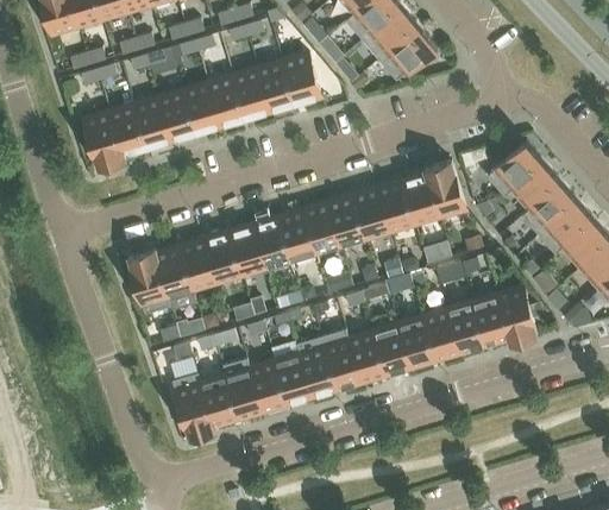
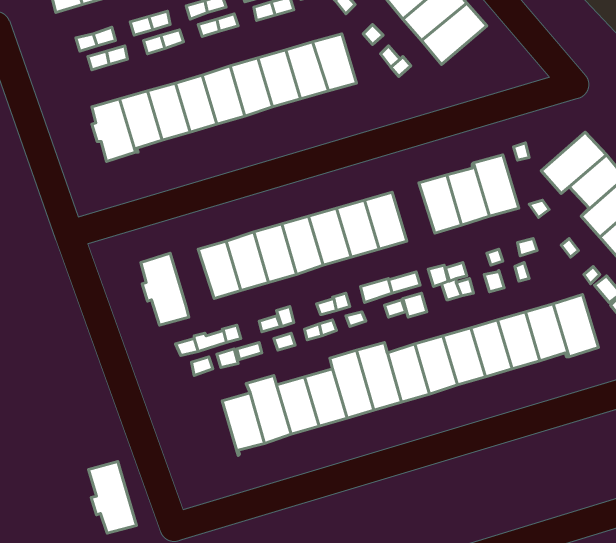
building: [352,185,390,238] -> none
building: [153,245,195,308] -> none
building: [171,372,214,436] -> [89,462,137,533]

